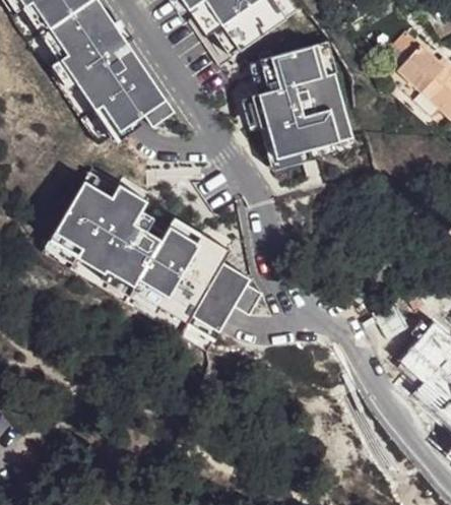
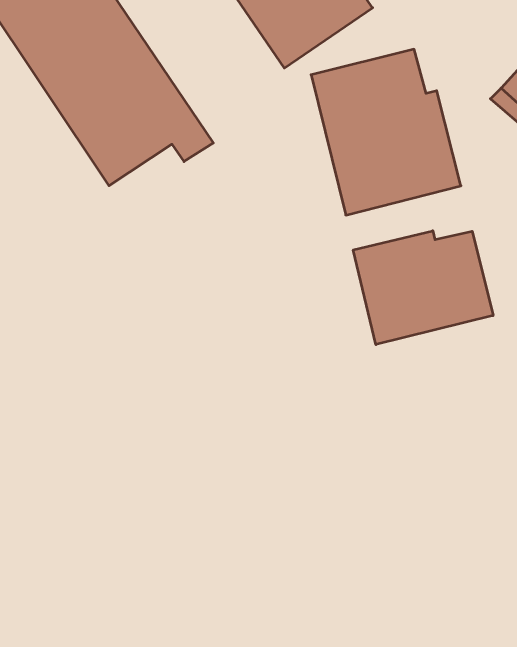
building: [49,179,260,335] -> none
building: none -> [353,231,493,345]

